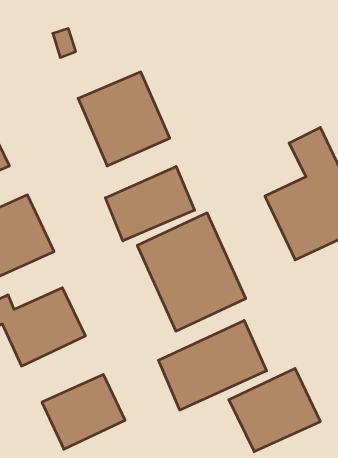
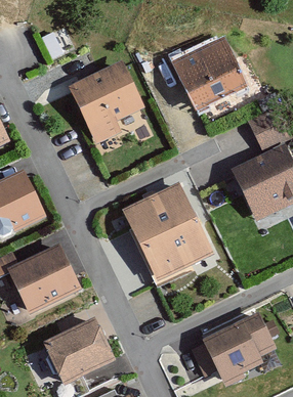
building: none -> [169,35,246,111]
building: [105,166,195,241] -> none
building: [158,320,267,410] -> none

